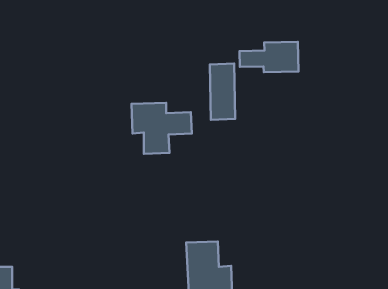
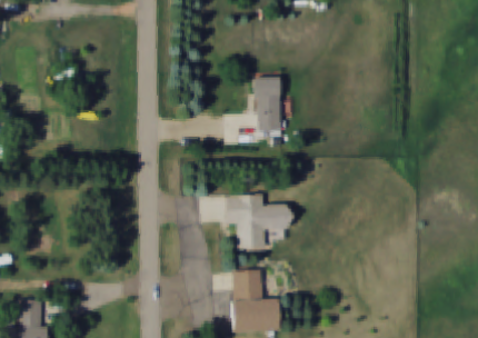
building: [239,42,298,72] -> none
building: [132,103,192,154] -> [226,195,291,250]

